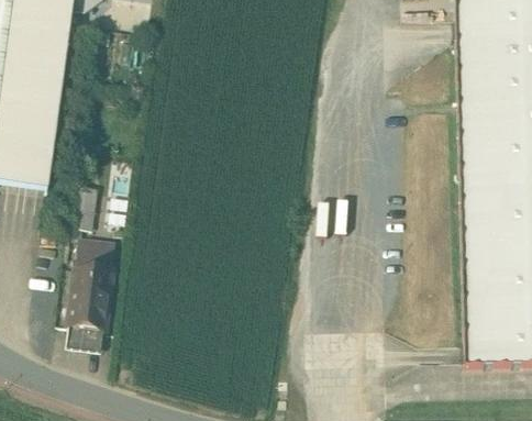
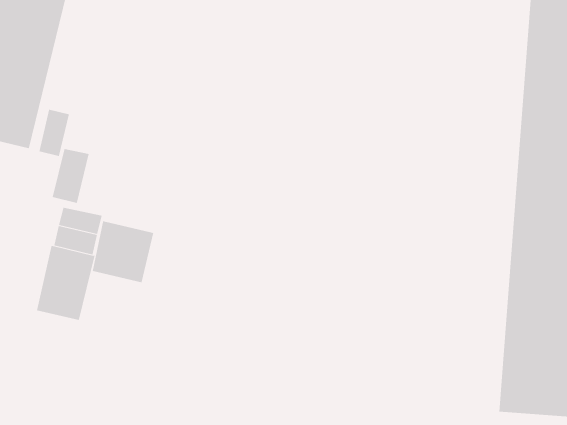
building: none -> [39,109,69,157]
building: none -> [92,220,154,283]
building: [76,325,112,343] -> none

